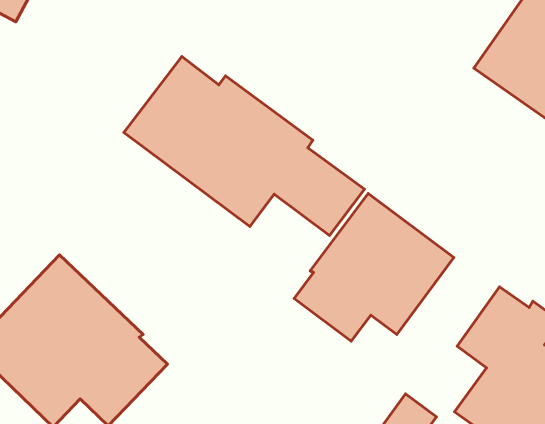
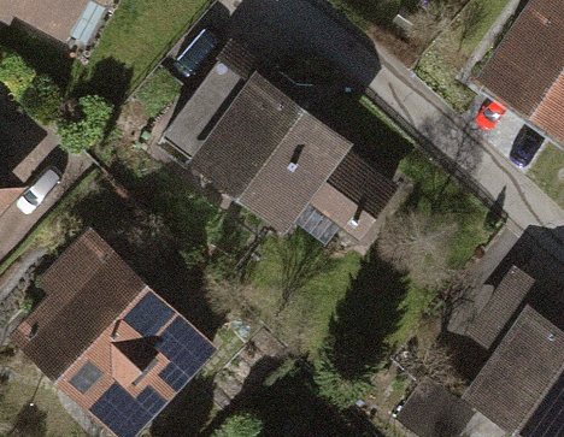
building: [294,193,454,341] -> none

